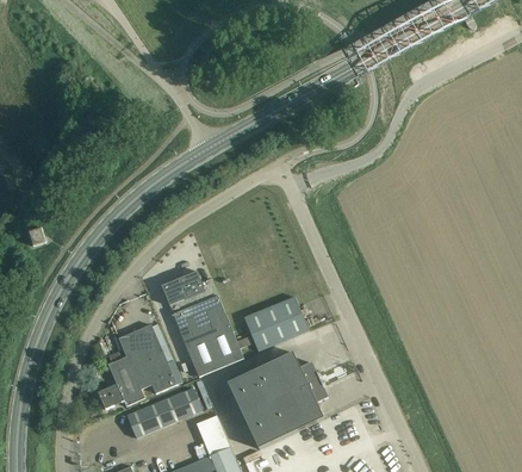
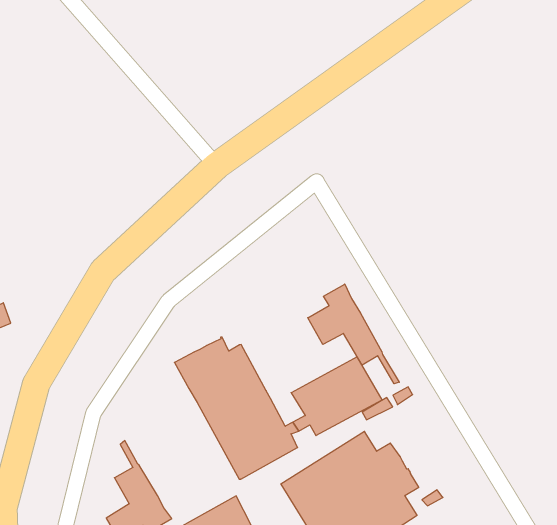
building: none -> [308,284,399,384]
building: [117,324,180,393] -> none

